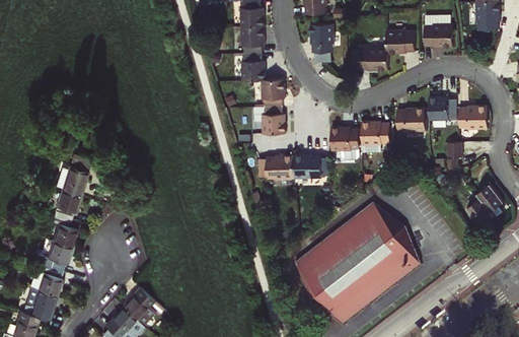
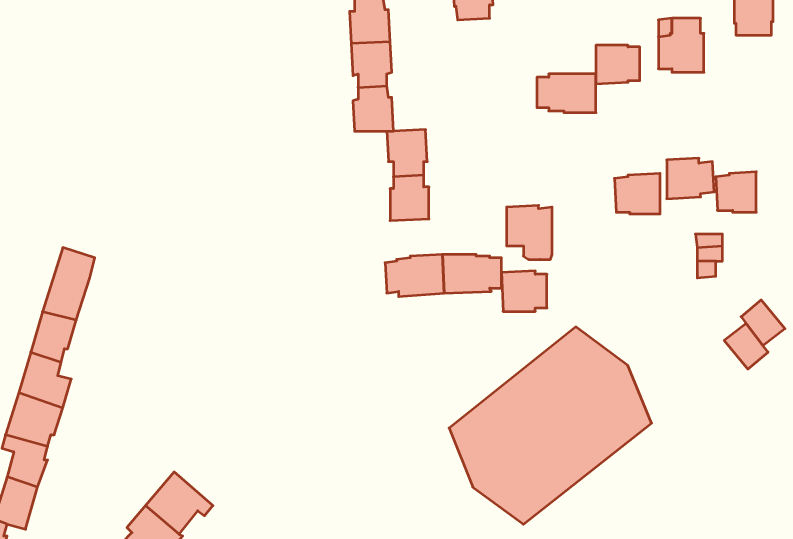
building: [311,25,336,65] -> none
building: [365,122,392,146] -> [501,271,547,311]

